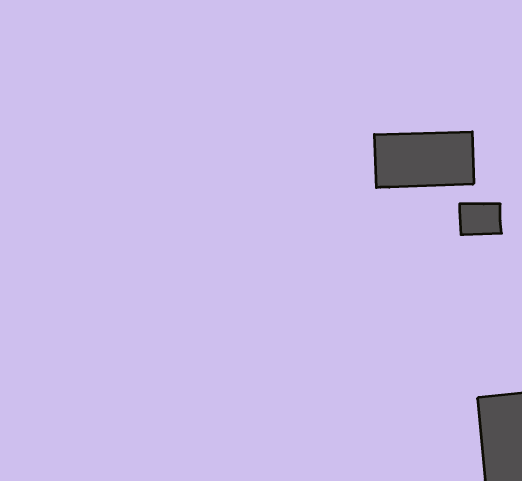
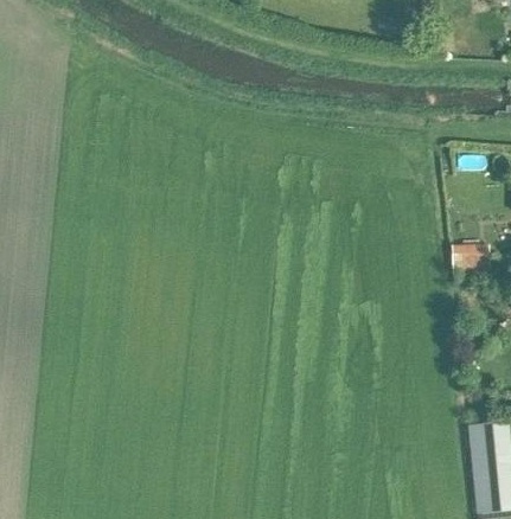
building: [374,132,474,188] -> none

